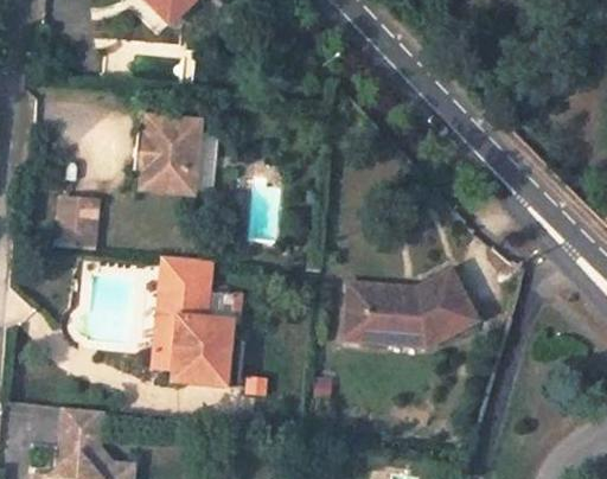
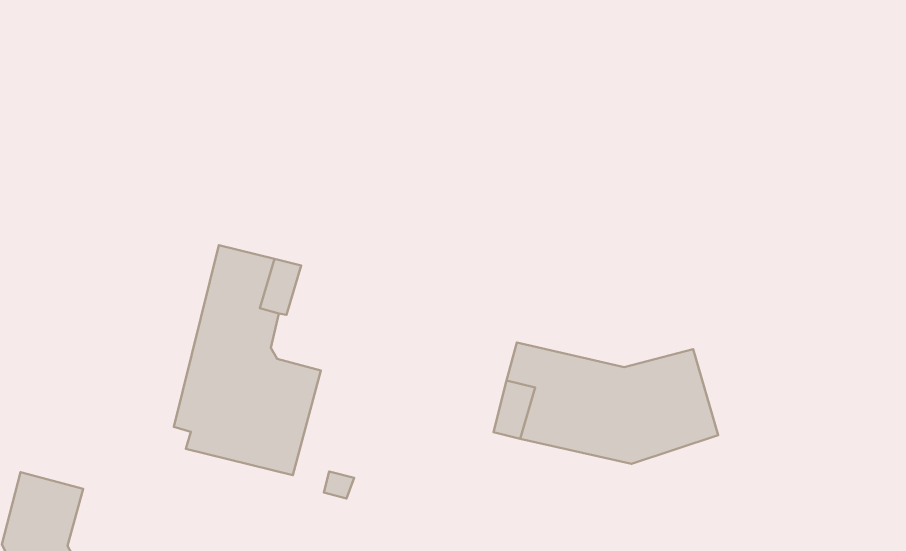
building: [136,117,198,192] -> none
building: [57,196,100,248] -> none

